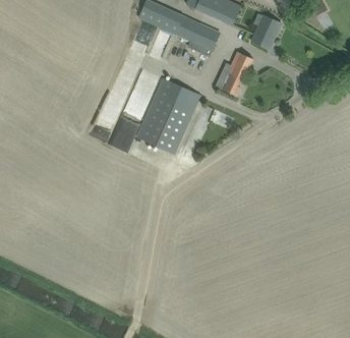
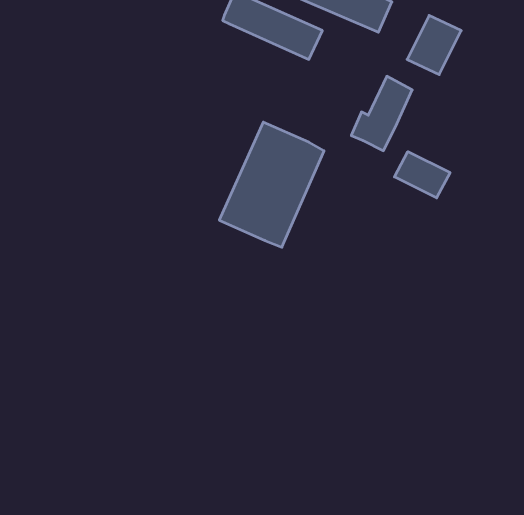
building: [187,22,219,55] -> none
building: none -> [394,152,450,198]

